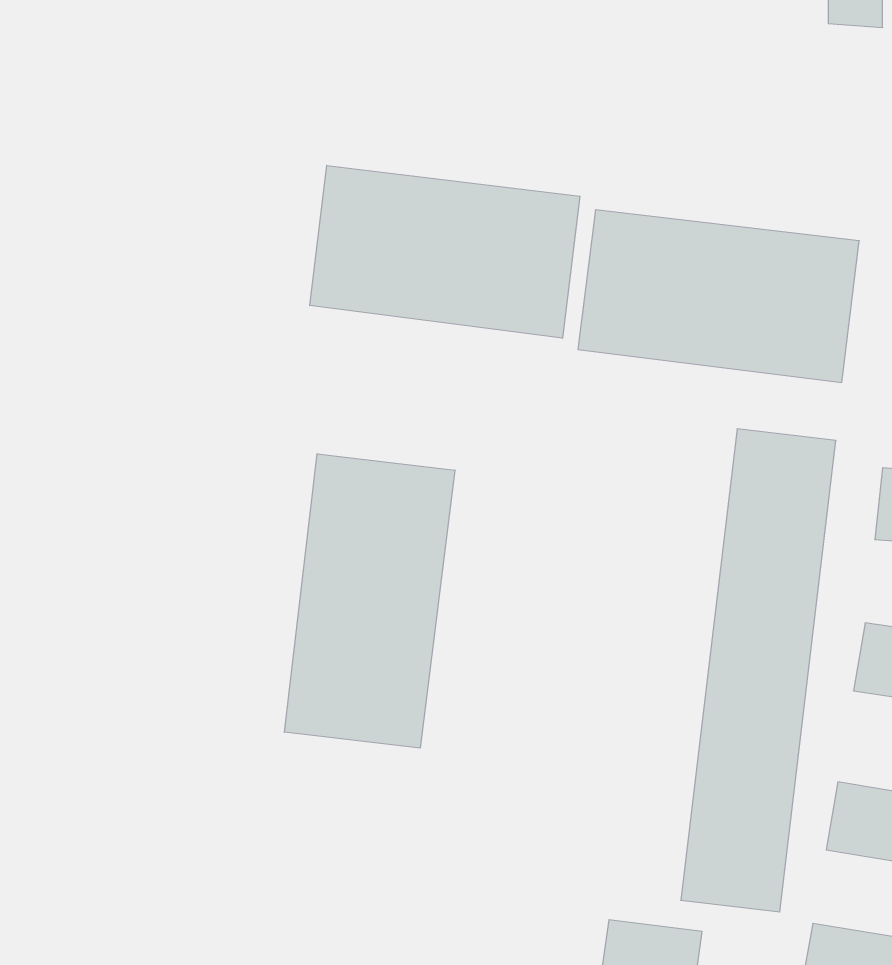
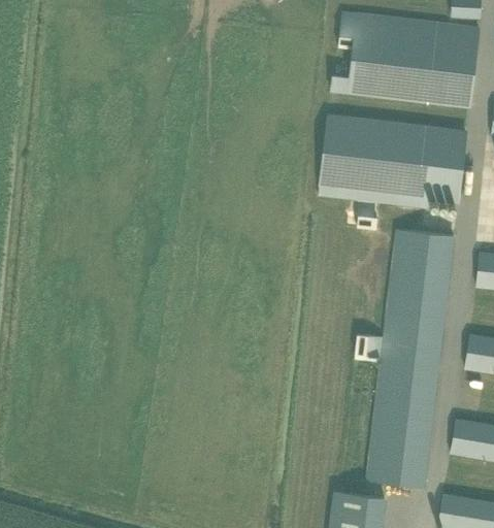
building: none -> [338,10,475,106]
building: [310,165,580,338] -> none
building: [284,454,455,748] -> none

